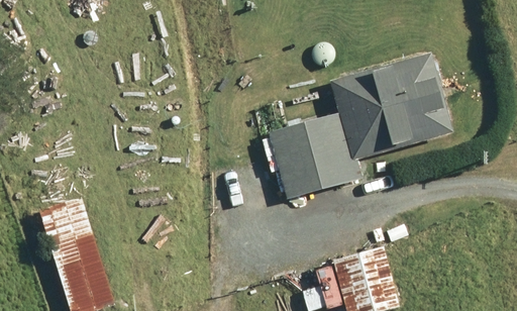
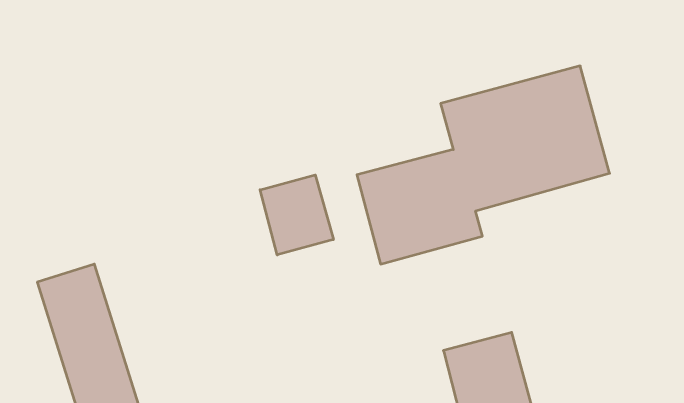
building: none -> [260,175,333,255]

